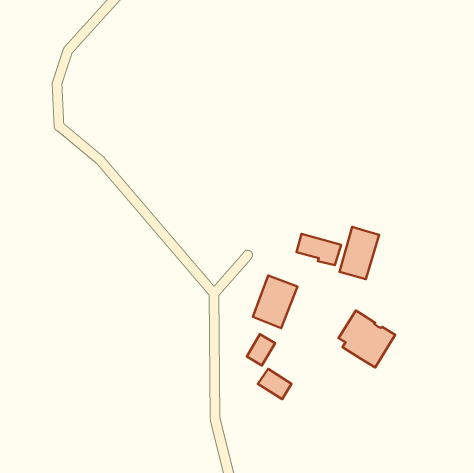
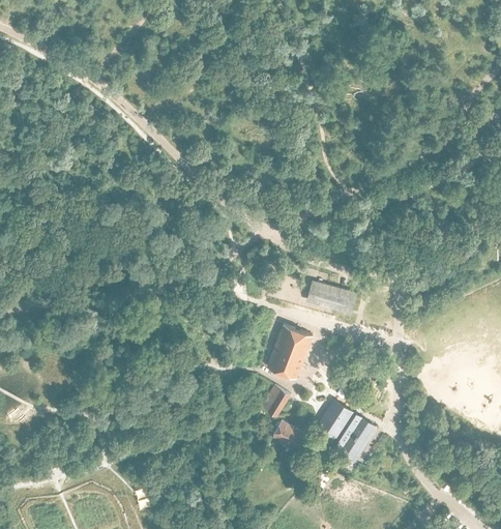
building: [339,227,379,279] -> none
building: [339,311,395,367] -> [316,402,374,460]

